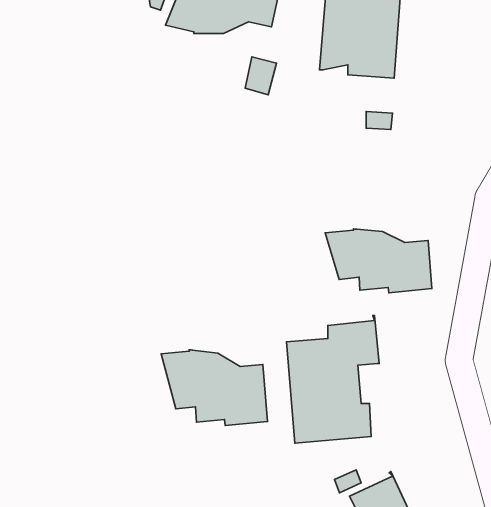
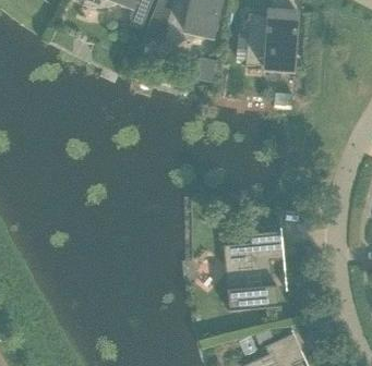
building: [325,229,432,293] -> none
building: [161,350,268,426] -> none

